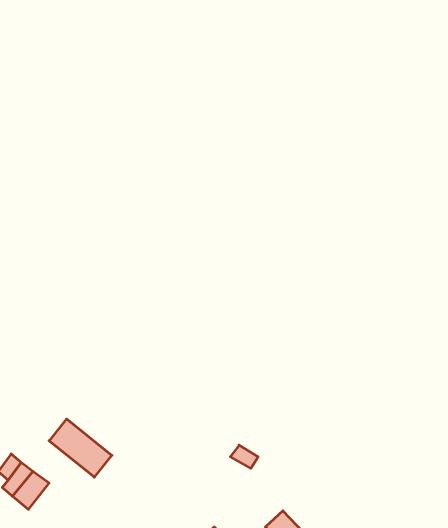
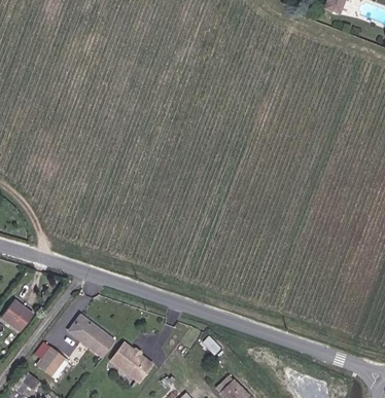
building: none -> [111,341,152,379]

